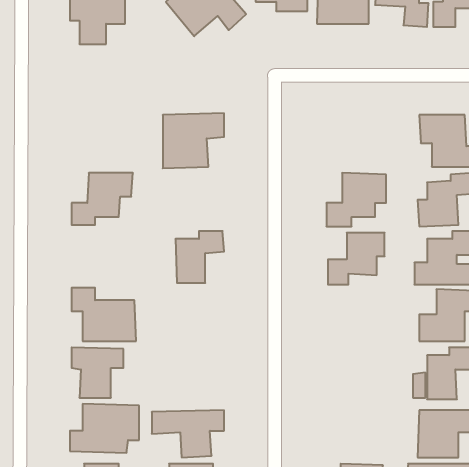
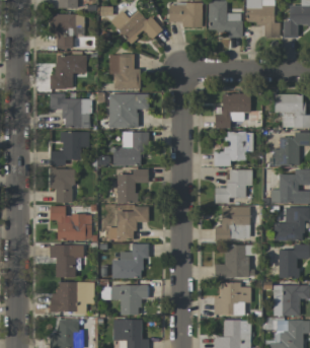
building: none -> [108,54,140,89]
building: none -> [49,55,86,89]
building: none -> [49,93,90,128]
building: none -> [215,94,250,128]
building: none -> [111,132,148,166]
building: none -> [49,168,77,203]
building: none -> [107,206,148,239]
building: none -> [214,207,249,240]
building: none -> [111,243,148,278]
building: none -> [214,246,253,278]
building: none -> [213,283,250,316]

